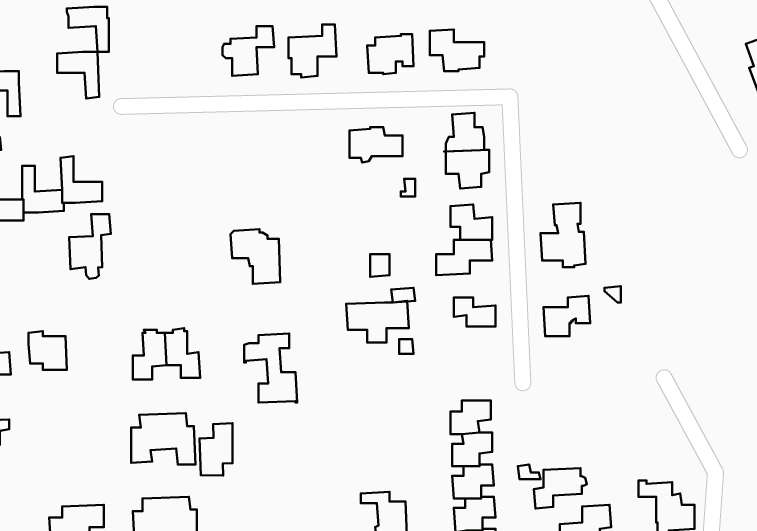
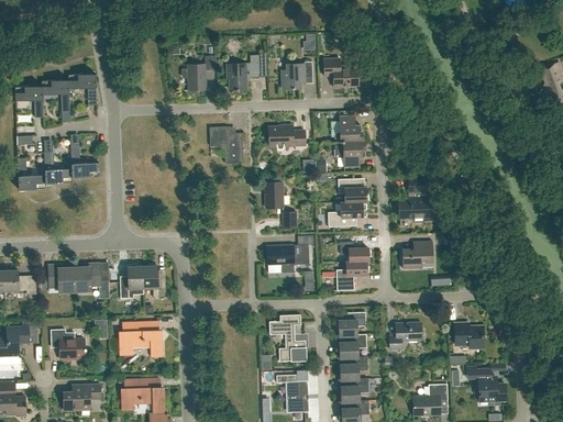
building: [67,7,109,52] -> [41,80,69,111]
building: none -> [264,181,283,208]
building: [69,214,111,279] -> none
building: [231,229,280,284] -> [209,126,243,164]
building: none -> [336,262,366,290]
building: none -> [74,264,108,291]
building: [244,334,297,403] -> [269,314,306,362]
building: none -> [454,323,483,347]
building: [200,423,233,476] -> none
building: none -> [51,330,86,359]
building: [534,468,587,508] -> [388,322,424,349]

